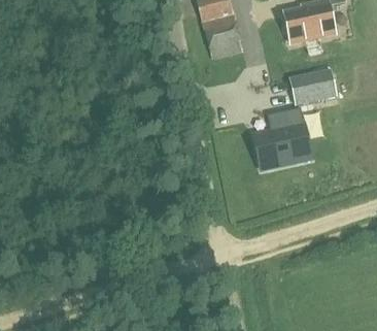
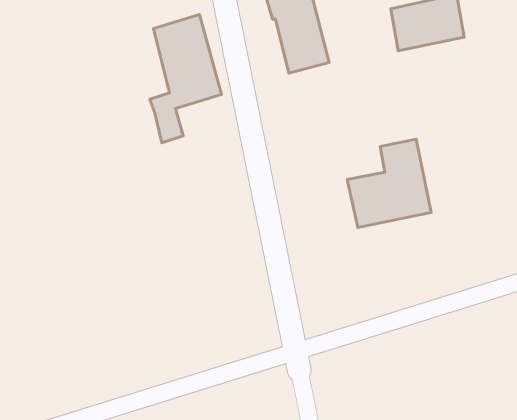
building: none -> [150,15,222,143]
building: [292,67,338,102] -> none

